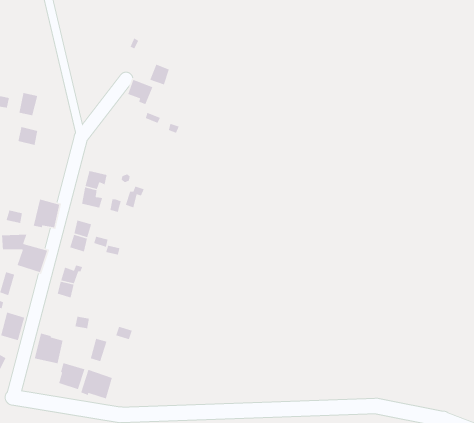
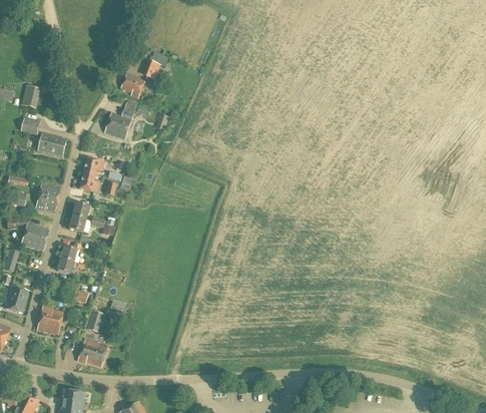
building: none -> [105,96,138,138]
building: none -> [38,133,67,156]
building: [58,362,85,390] -> none

